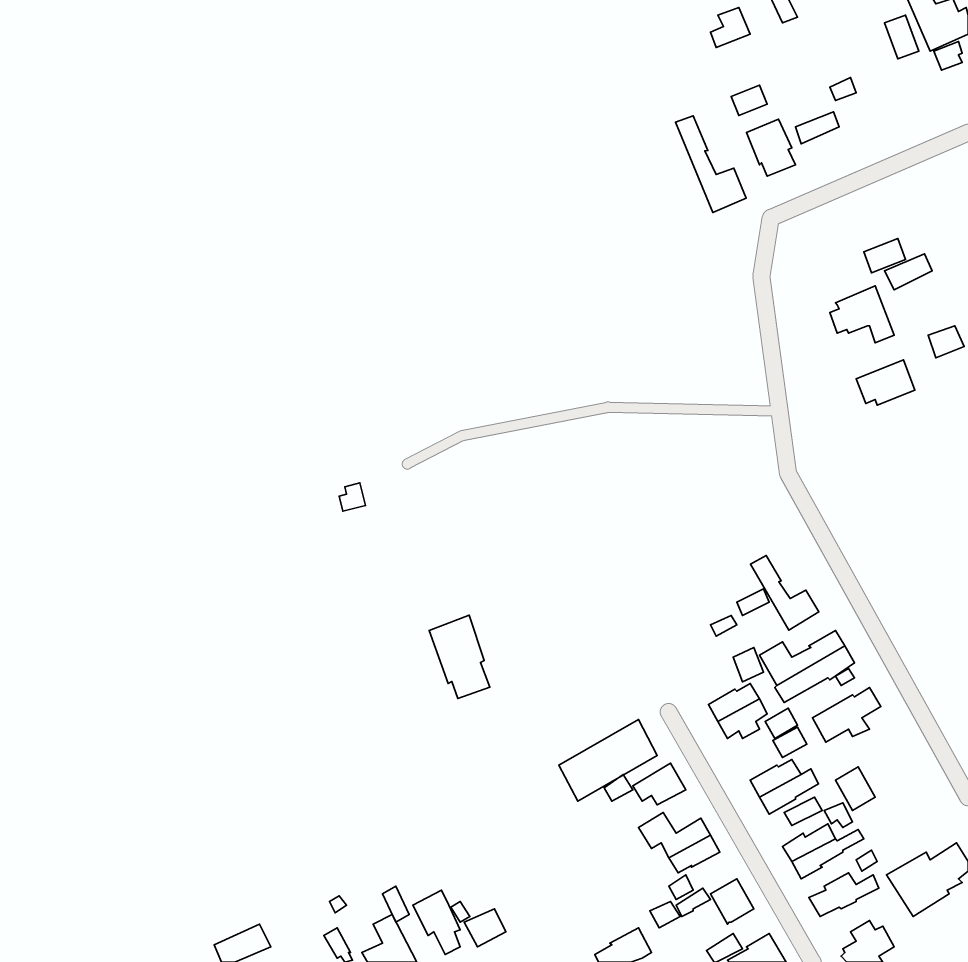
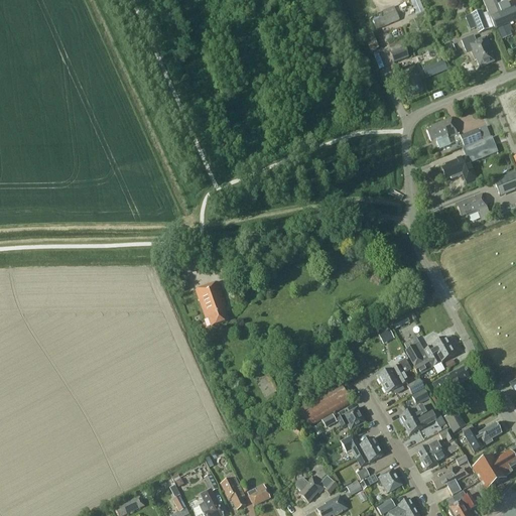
building: none -> [461,33,494,66]
building: [675,116,746,213] -> none
building: none -> [426,116,457,140]
building: [750,556,819,630] -> none
building: [429,615,490,699] -> [196,280,228,325]
building: none -> [464,421,501,450]
building: none -> [295,475,337,501]

